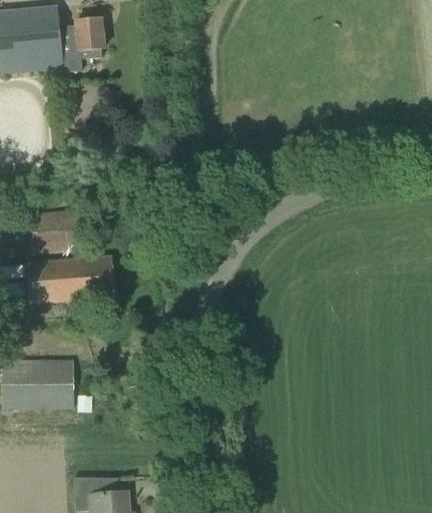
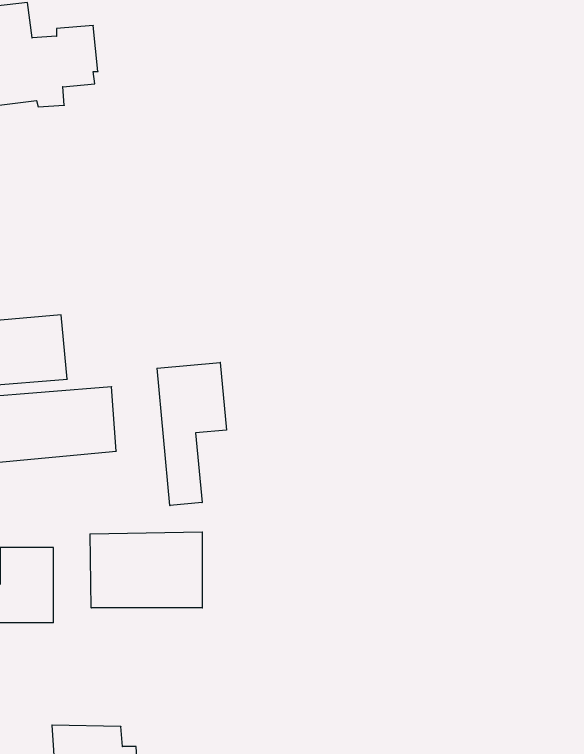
building: none -> [157,362,226,506]
building: none -> [90,532,202,608]

